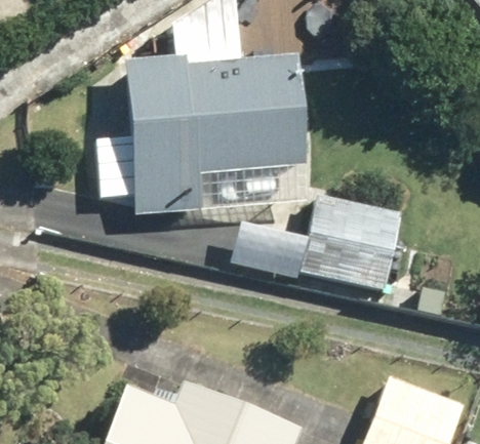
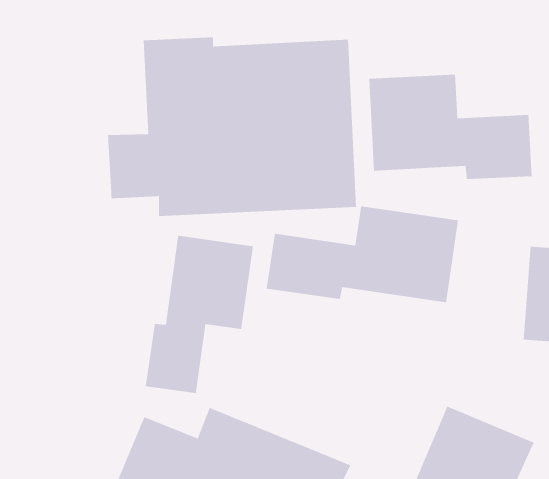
building: none -> [369,74,532,180]
building: none -> [145,235,254,394]

